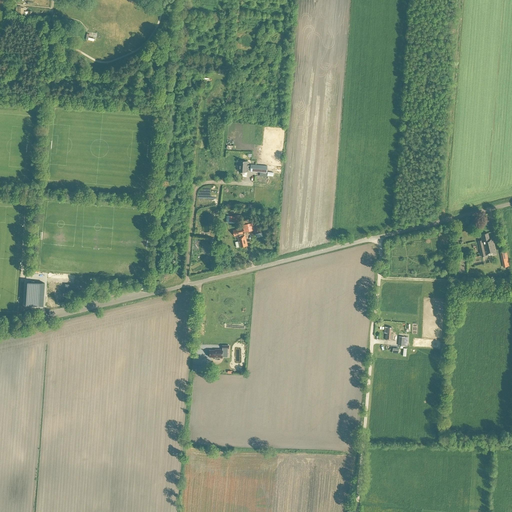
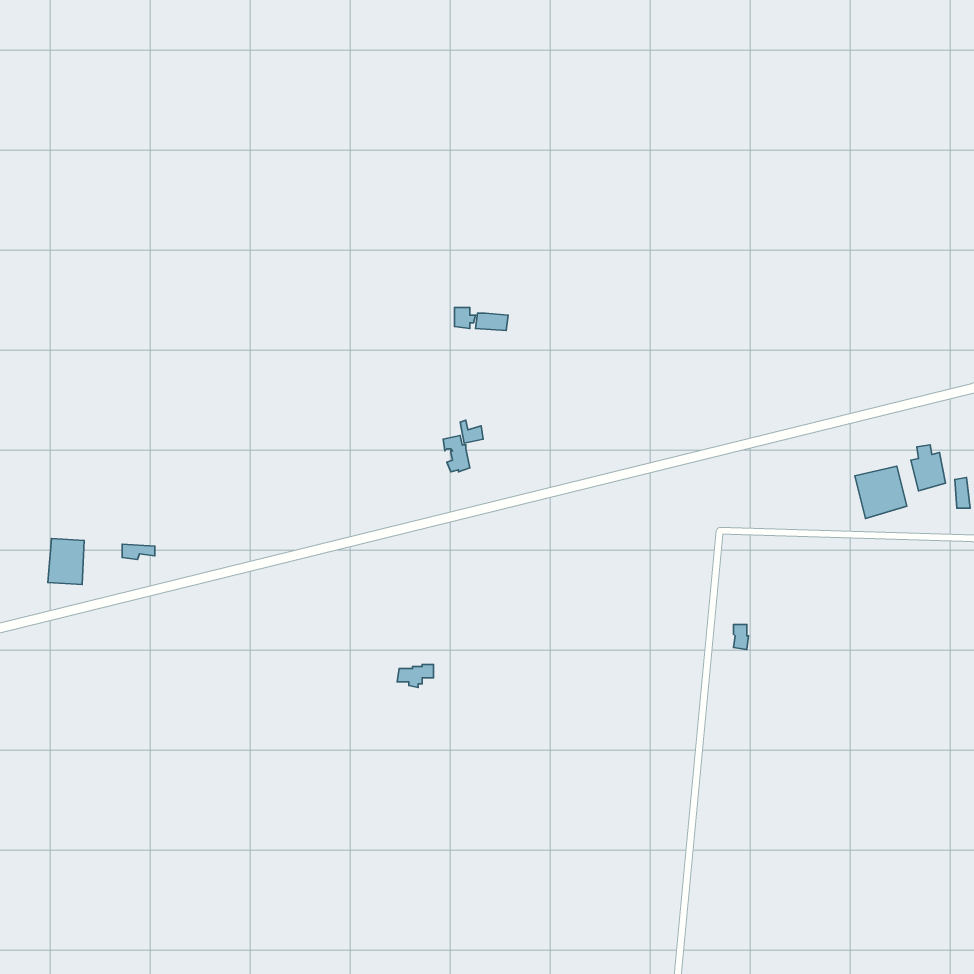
building: none -> [855,466,907,518]

